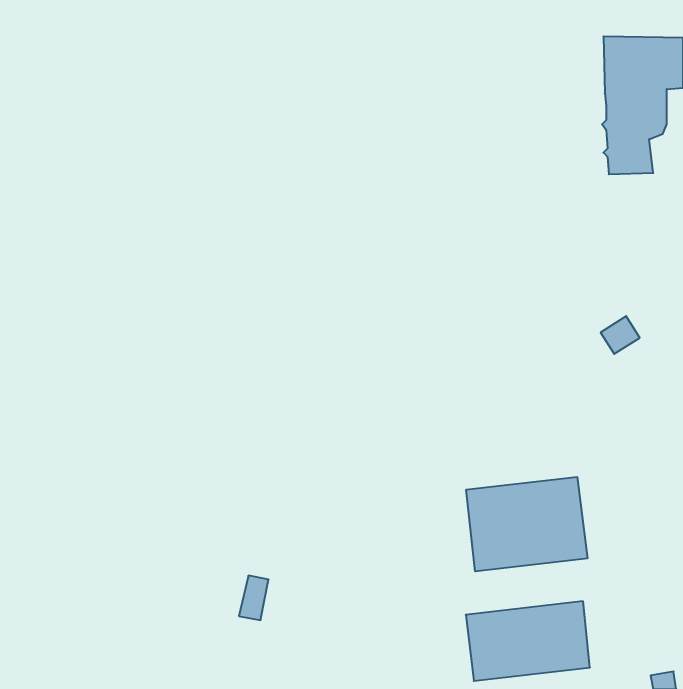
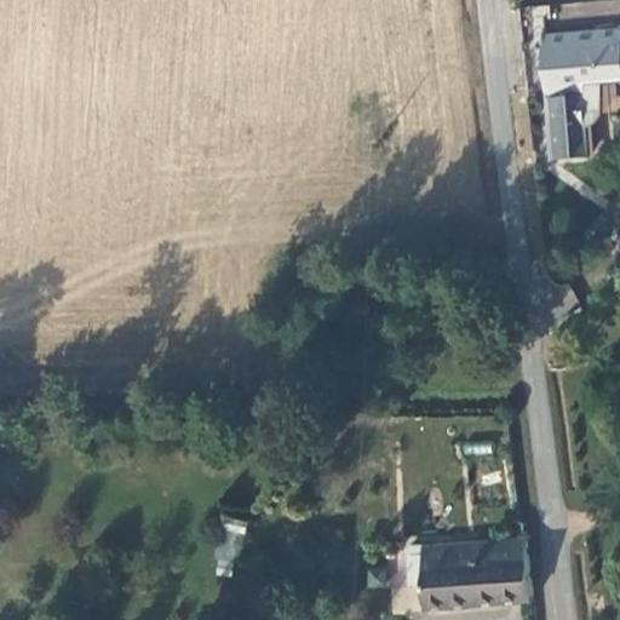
building: [466,477,587,571] -> none

